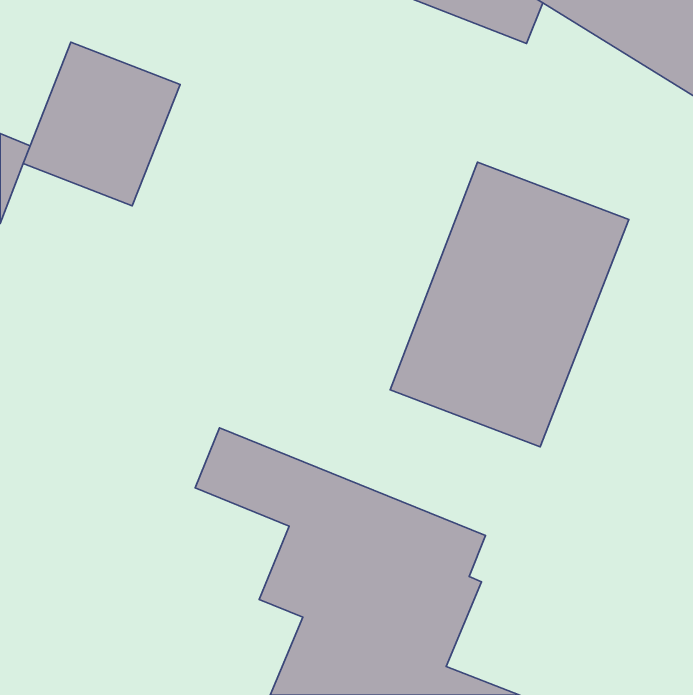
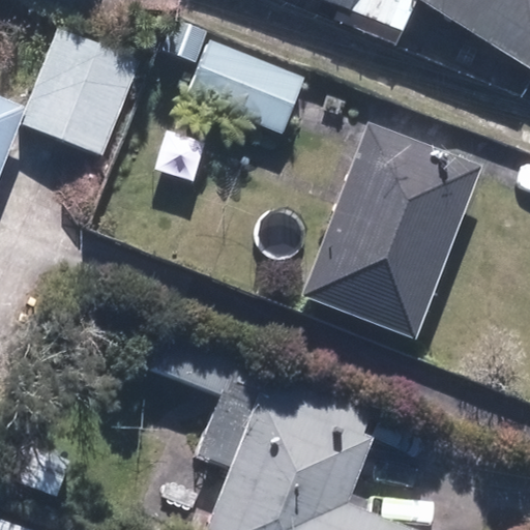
building: none -> [186,45,302,138]

